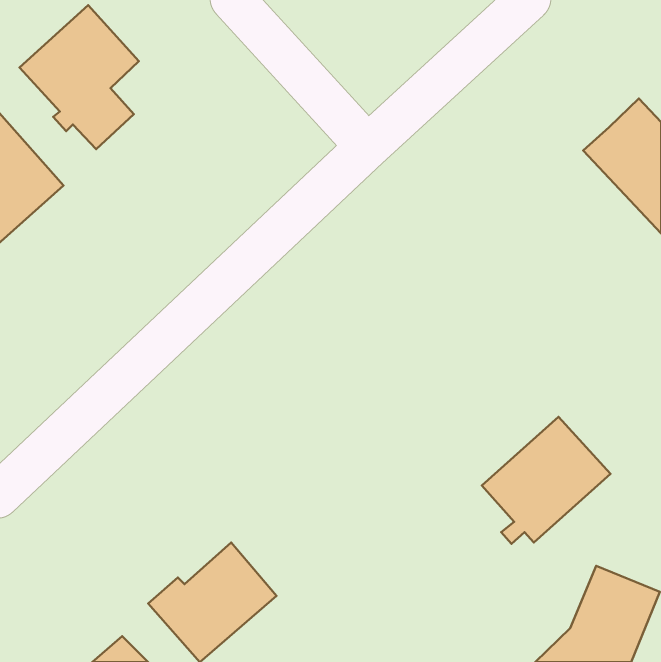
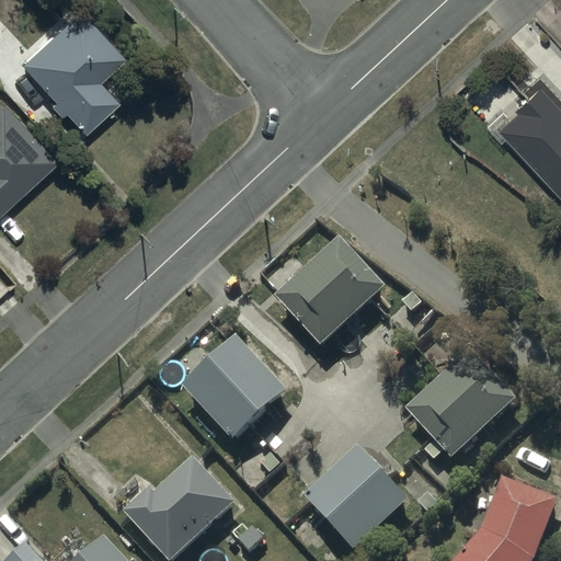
building: none -> [275,237,386,345]
building: none -> [183,335,286,439]
building: none -> [306,446,408,548]

